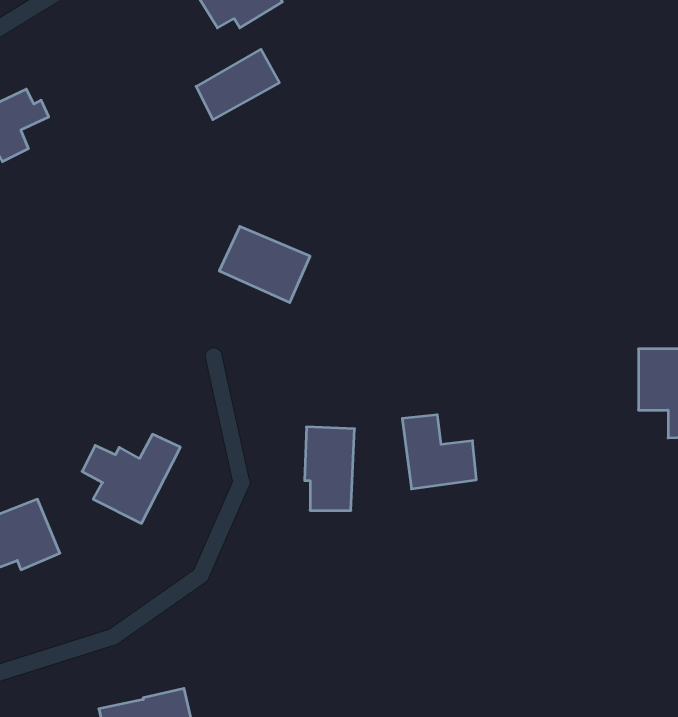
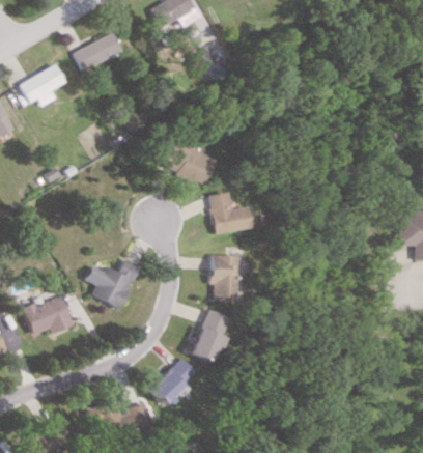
building: [196,49,279,120] -> [76,31,122,70]
building: [402,415,476,489] -> [209,192,251,233]
building: none -> [192,309,228,362]
building: none -> [150,358,196,402]

